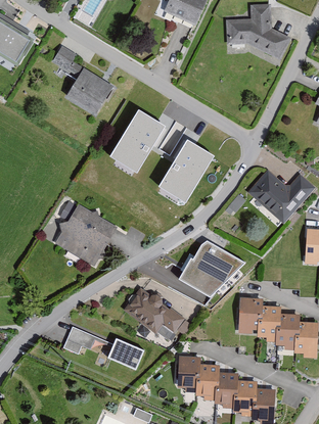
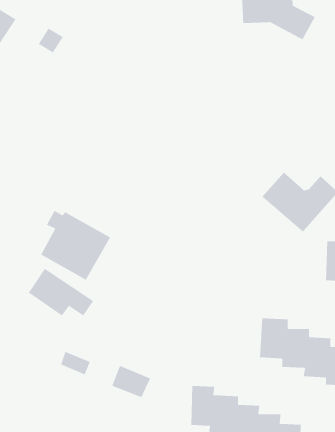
building: [60,69,107,114] -> none
building: [110,105,164,166] -> none
building: [159,135,213,196] -> none
building: [178,240,244,297] -> none
building: [129,290,186,332] -> [28,268,94,316]

